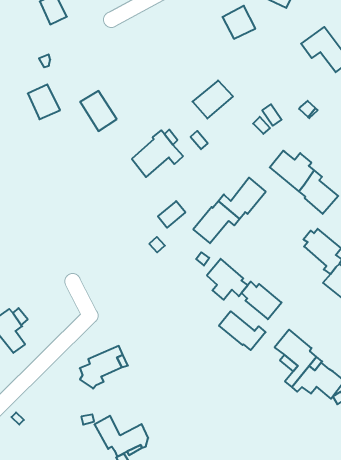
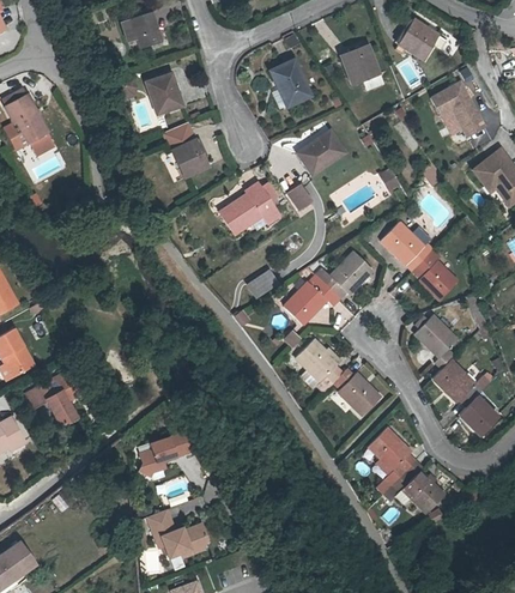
building: none -> [271,60,310,107]
building: [28,84,60,119] -> [147,74,183,114]
building: [219,311,266,350] -> none

